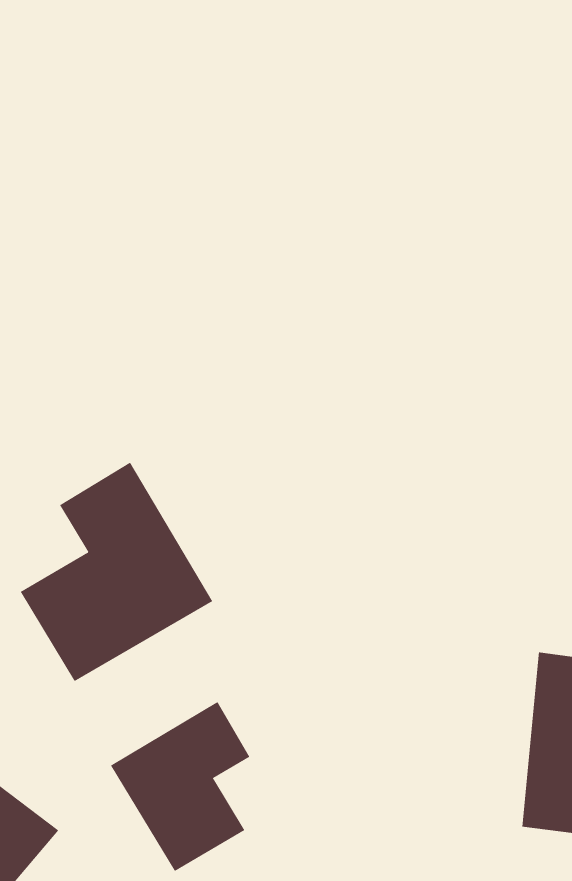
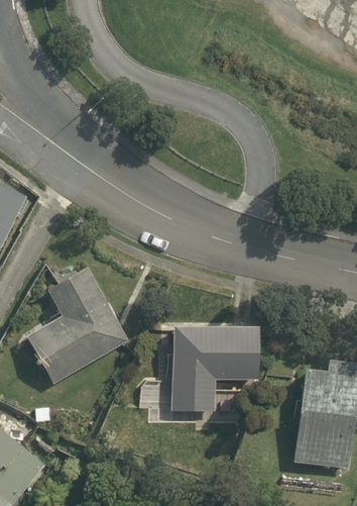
building: none -> [171,325,258,412]
building: [110,701,250,872] -> none

